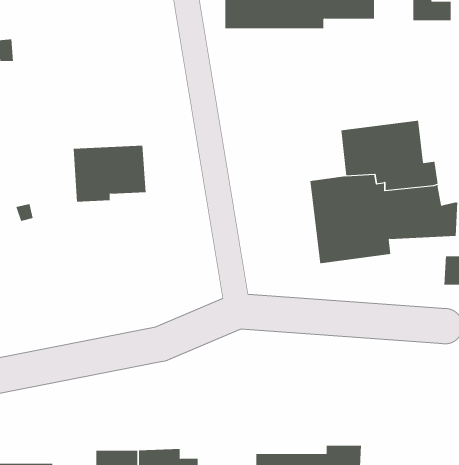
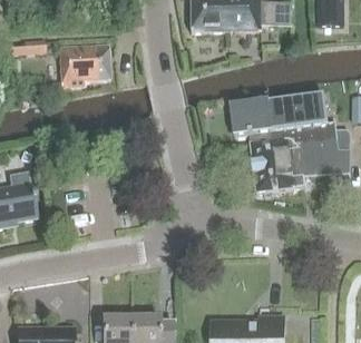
building: none -> [231,89,273,136]
building: [73,145,146,202] -> [60,45,110,84]

